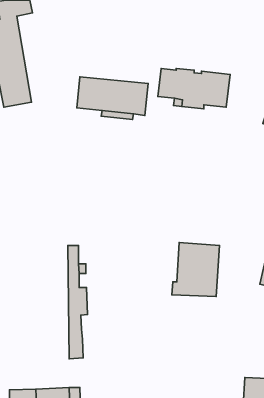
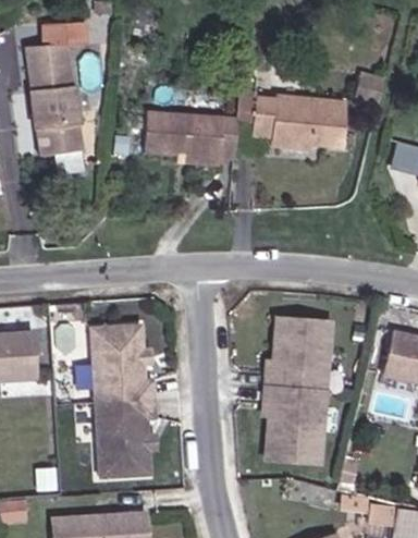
building: none -> [95,327,133,478]
building: none -> [267,392,328,465]

